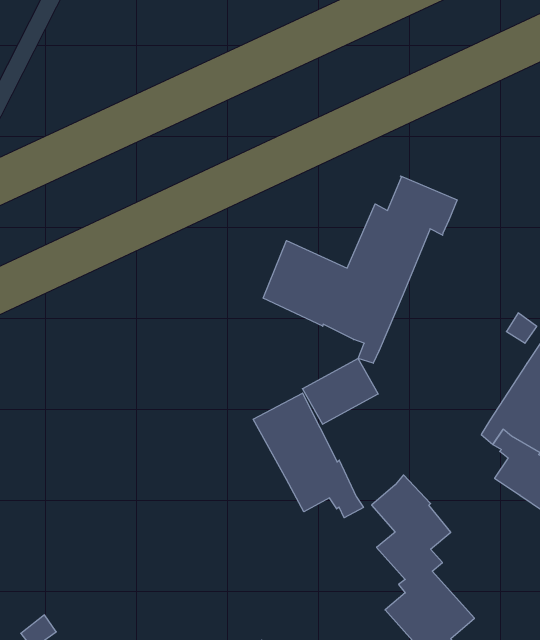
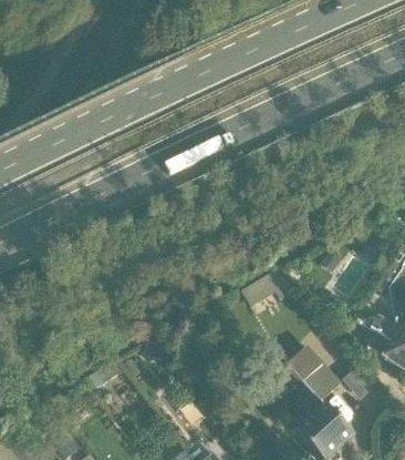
building: [263,176,457,363] -> none
building: [253,393,363,518] -> none

